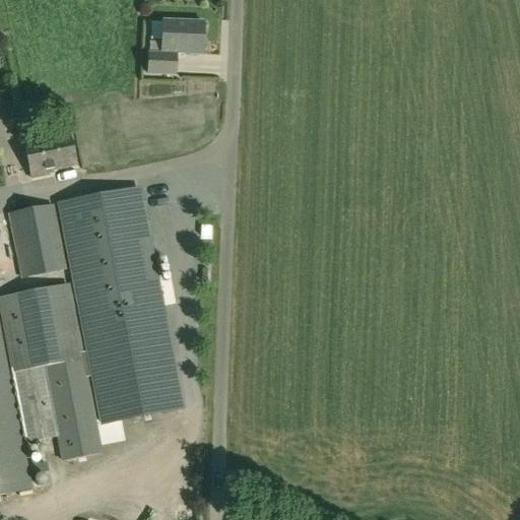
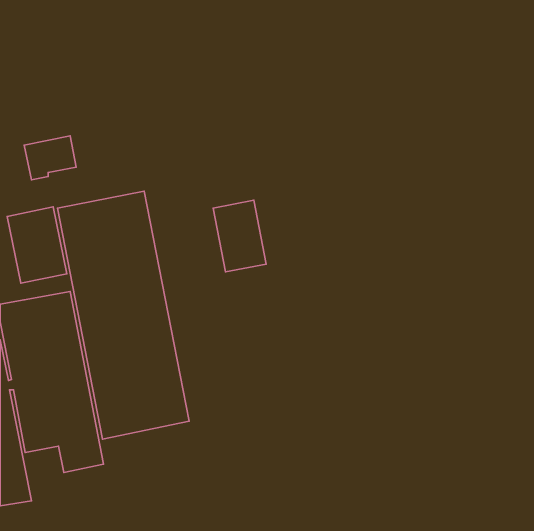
building: [147,18,203,72] -> none
building: none -> [213,200,266,272]

